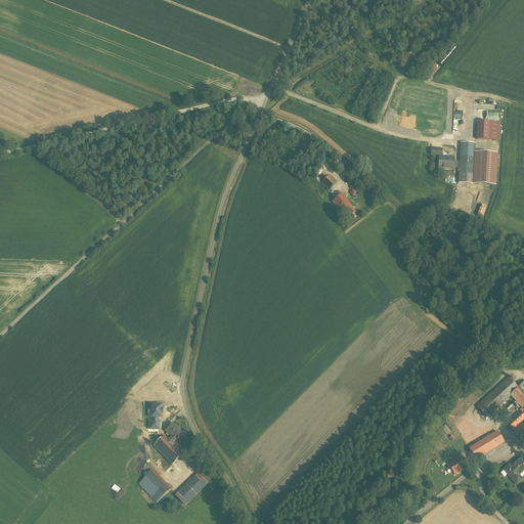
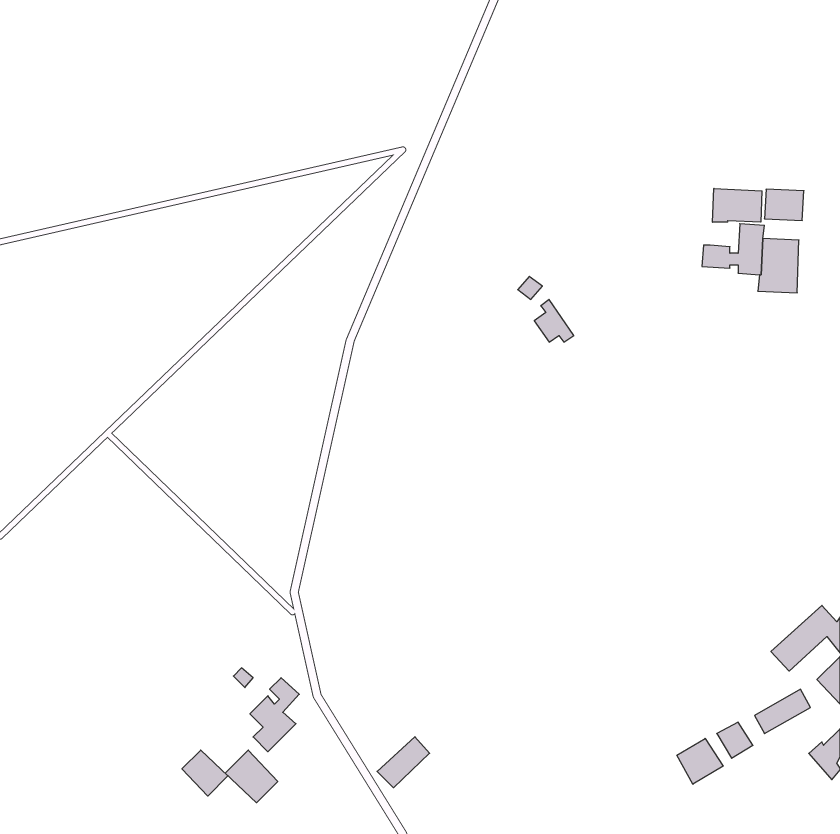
building: none -> [713,188,762,222]
building: none -> [677,738,723,784]
building: none -> [182,750,228,796]
building: [176,470,209,501] -> [377,737,430,788]

